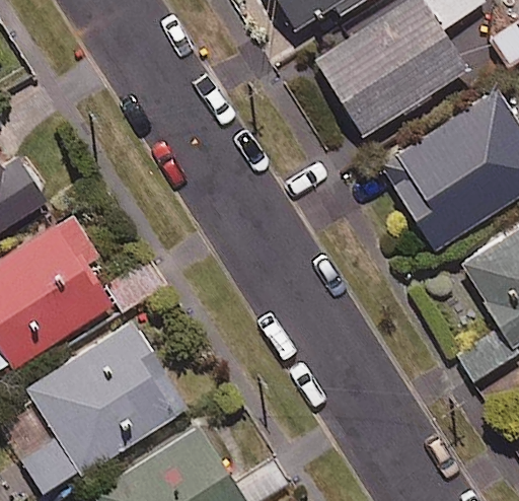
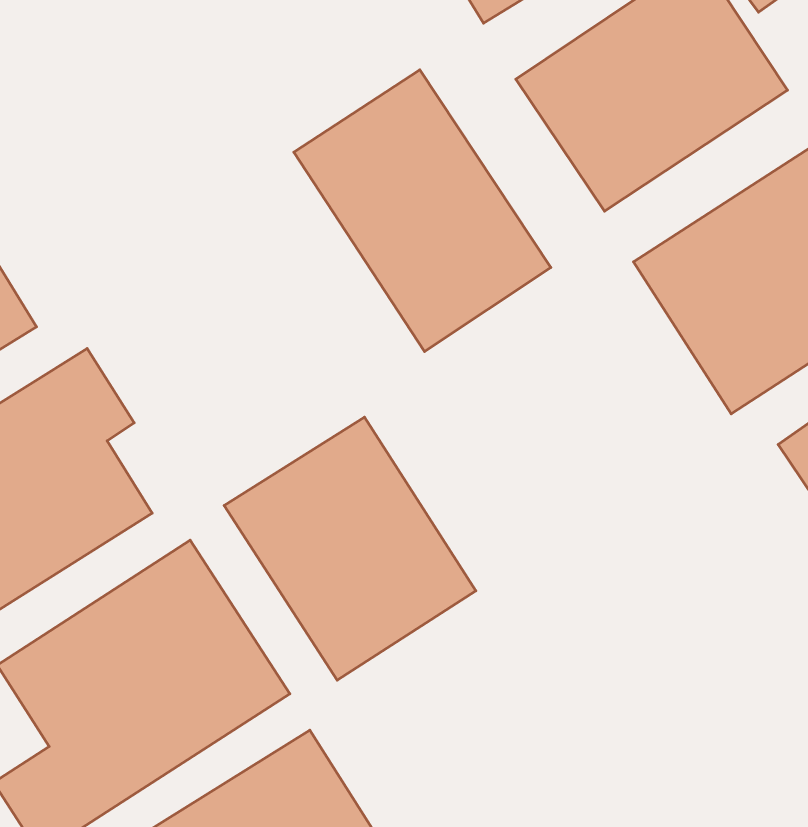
building: none -> [294,70,551,351]
building: none -> [224,417,476,680]

